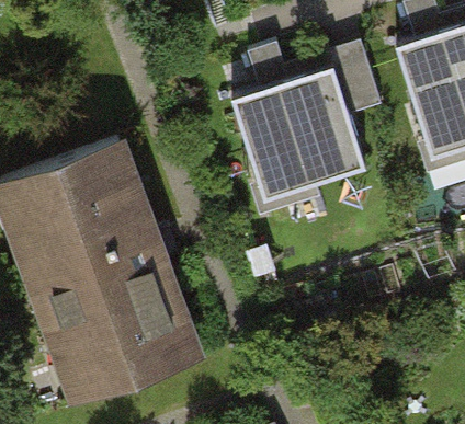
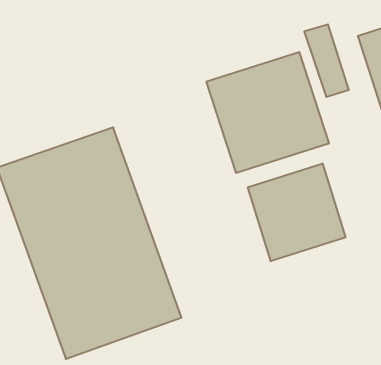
building: none -> [248,163,345,261]

